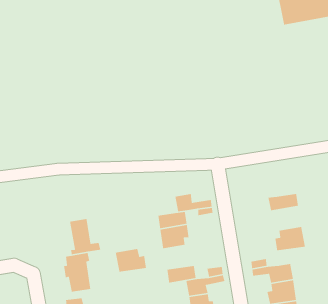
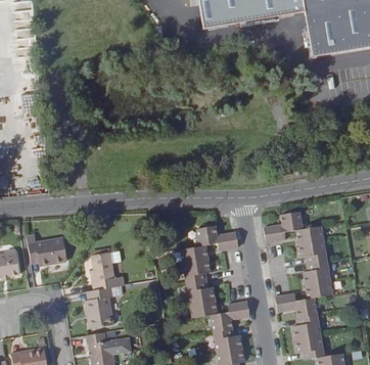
building: none -> [264,212,303,241]
building: none -> [28,234,66,265]
building: none -> [296,239,328,264]
building: none -> [303,281,334,300]
building: [115,248,147,272] -> [186,279,219,304]

